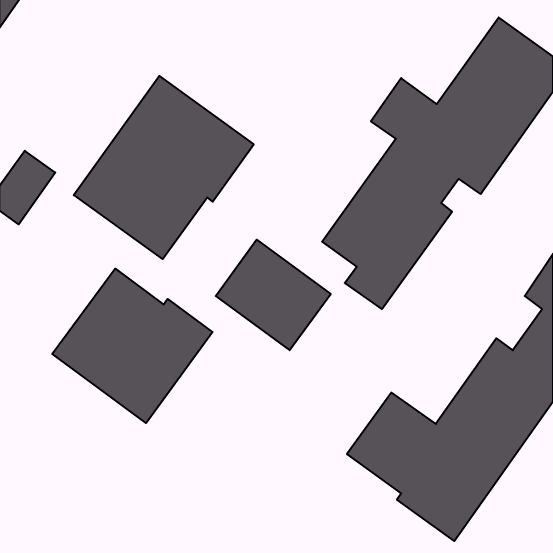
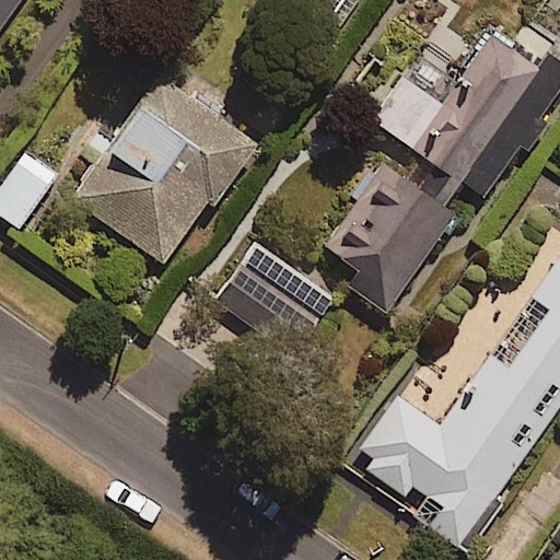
building: [52,269,213,423] -> none

